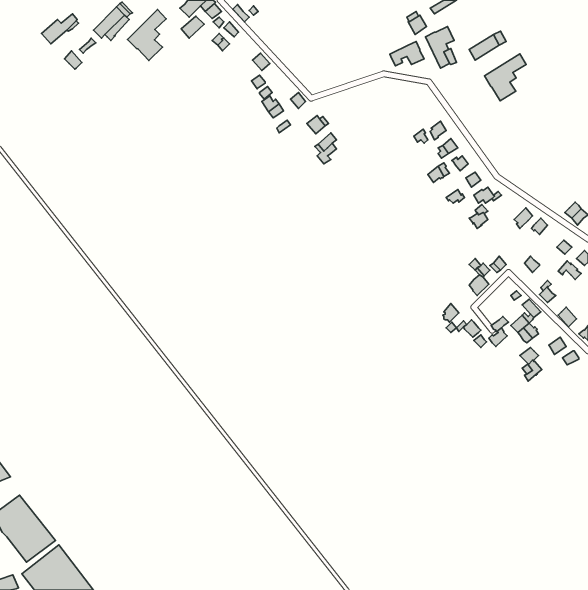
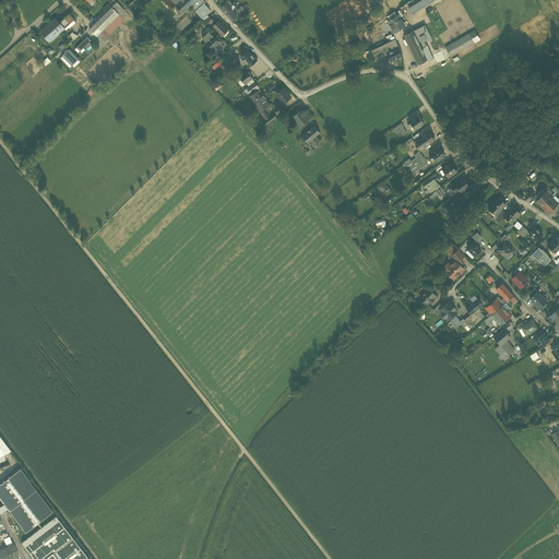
building: [128,10,166,60] -> none
building: [484,54,526,101] -> none

